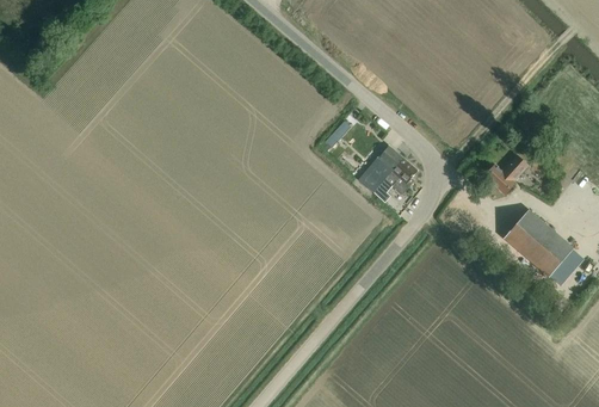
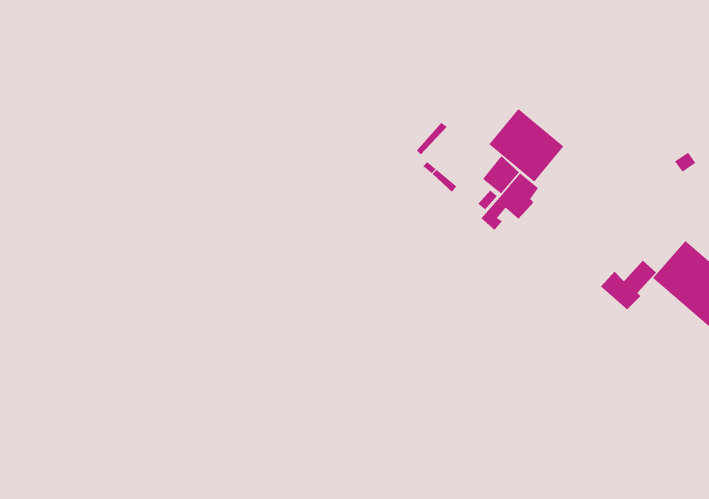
building: none -> [488,108,564,183]
building: [483,156,526,195] -> [600,260,657,310]

